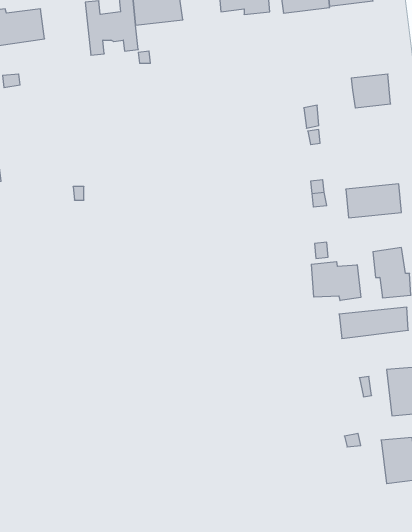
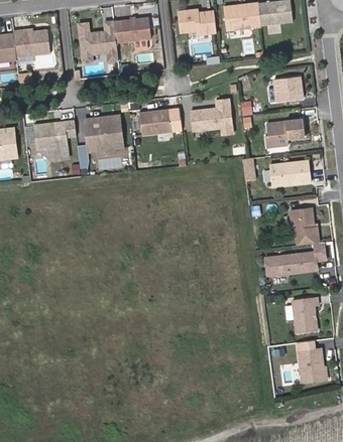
building: none -> [190,97,232,133]
building: none -> [139,111,172,136]
building: none -> [83,116,121,152]
building: none -> [32,121,75,161]
building: none -> [267,121,308,149]
building: [311,262,361,301] -> none

